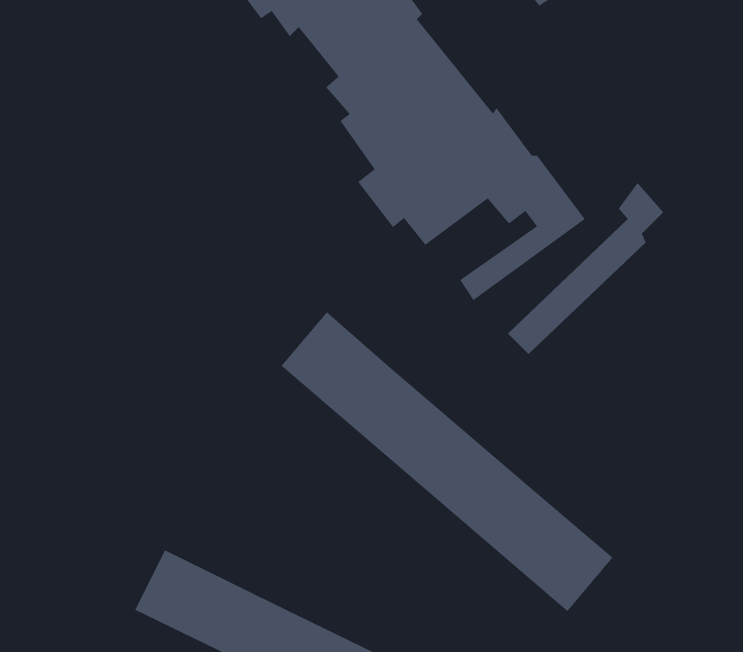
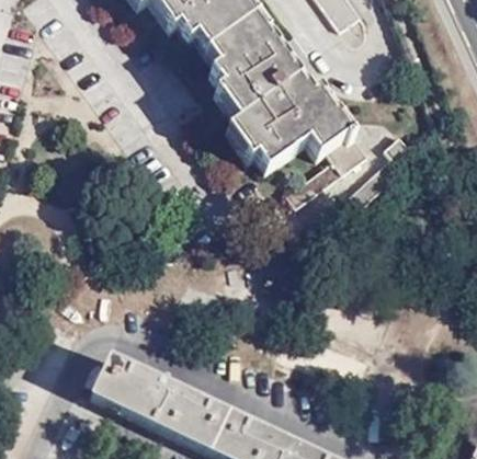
building: [281,311,614,612] -> none

